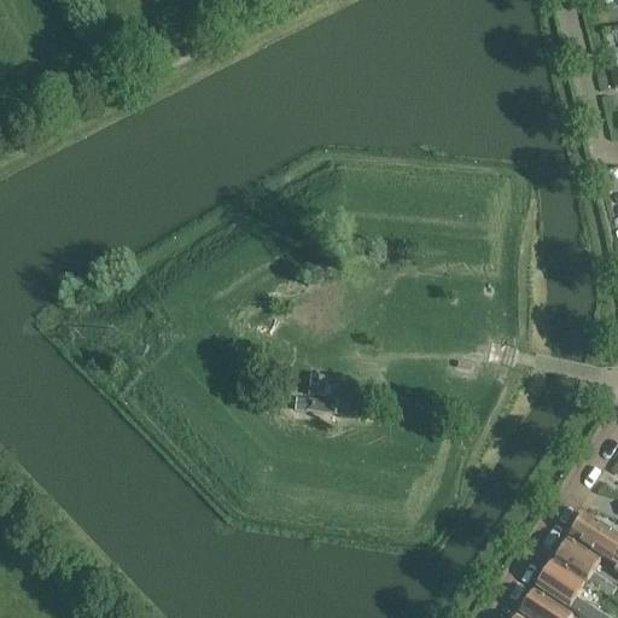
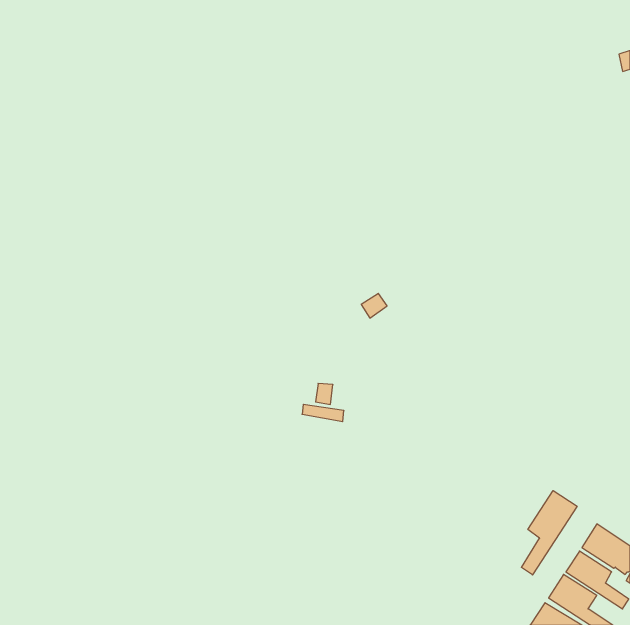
building: none -> [521,491,577,575]

